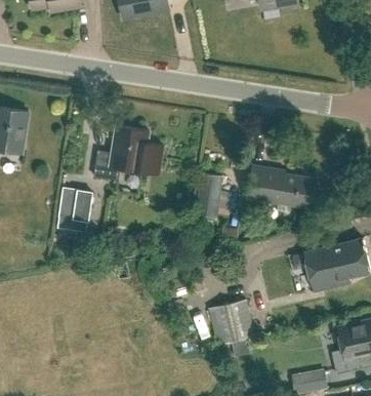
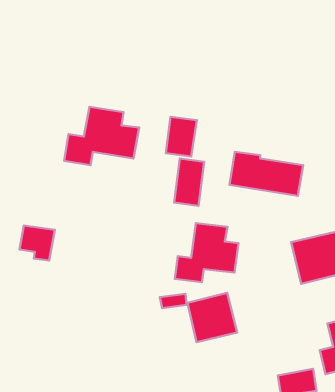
building: none -> [166,117,197,156]
building: [59,188,92,221] -> [19,225,55,261]
building: none -> [175,223,238,282]

